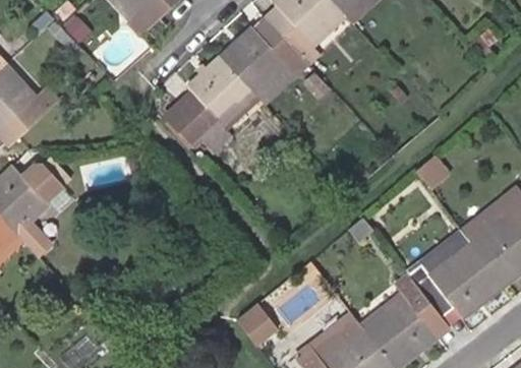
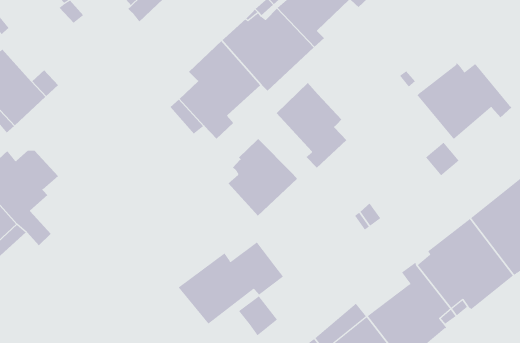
building: none -> [417,63,513,140]
building: none -> [276,82,347,169]
building: none -> [227,138,298,216]
building: none -> [178,242,284,324]

